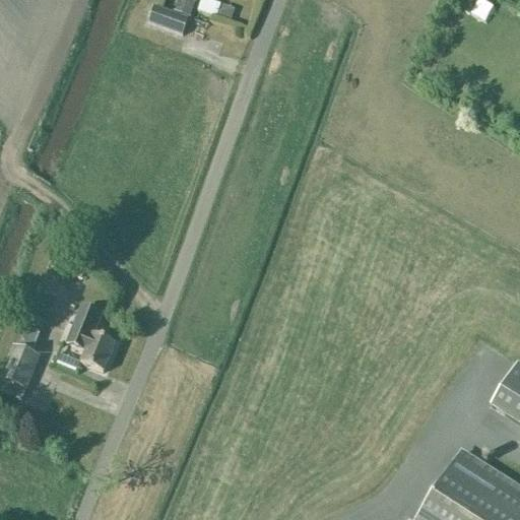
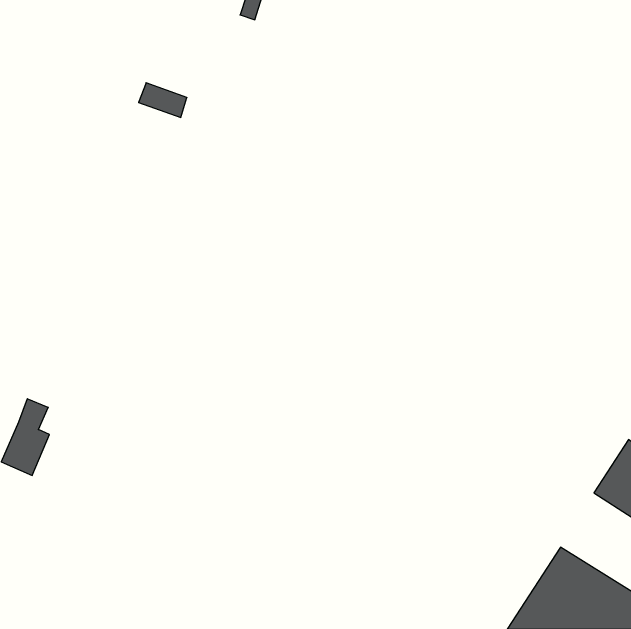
building: [150,5,190,34] -> [139,83,187,117]
building: [69,309,116,373] -> none

